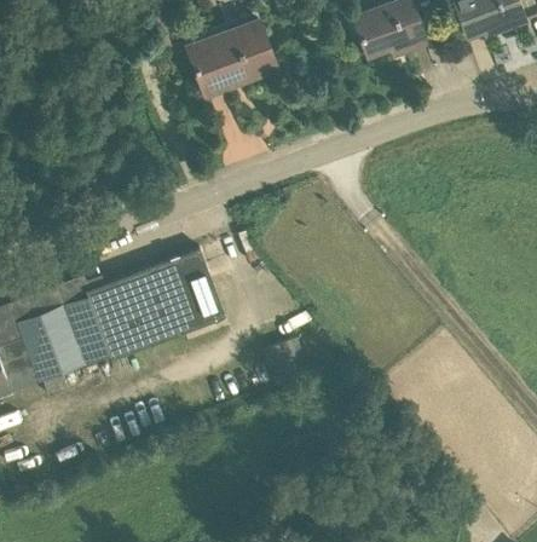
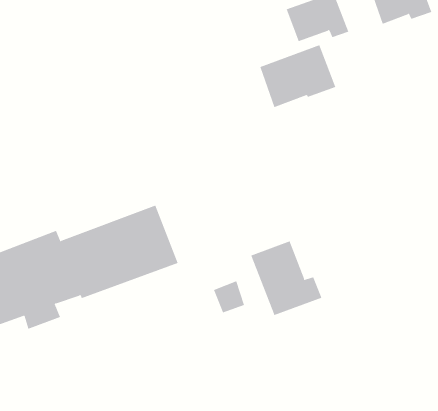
building: [187,19,278,94] -> [259,44,336,108]
building: none -> [250,240,322,316]

